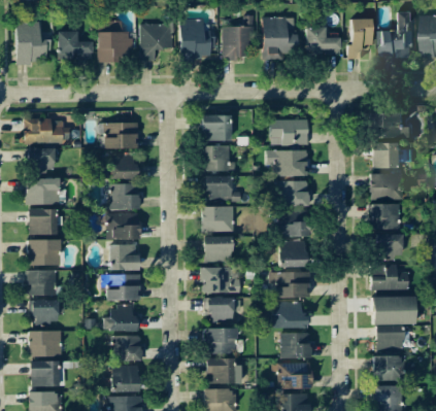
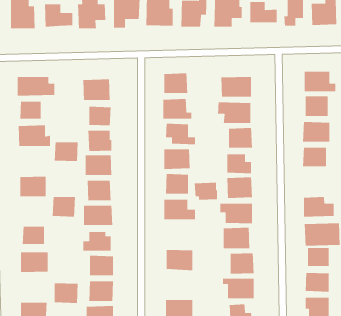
building: [28,209,58,234] -> [54,142,79,162]
building: [376,234,403,259] -> none
building: [27,270,56,296] -> [52,196,76,217]
building: [206,297,235,319] -> [194,182,218,201]
building: [207,357,236,384] -> none
building: [31,361,61,386] -> [54,282,79,304]

